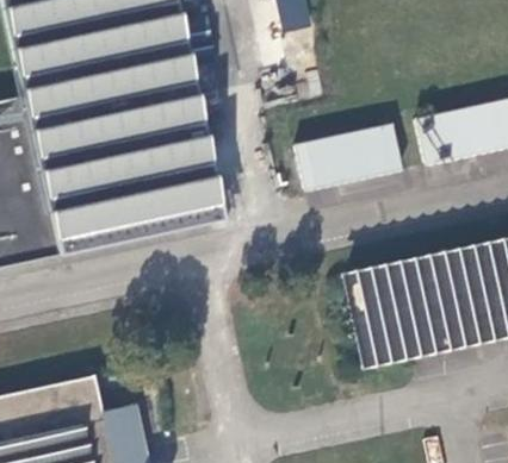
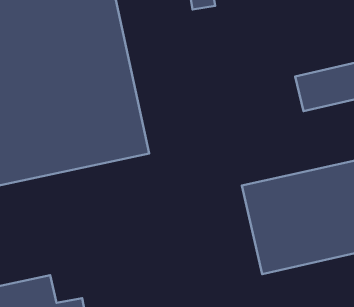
building: [293,125,399,190] -> none

